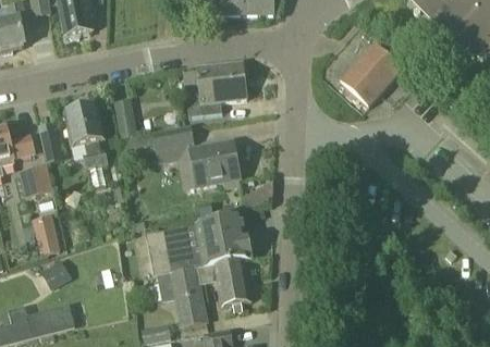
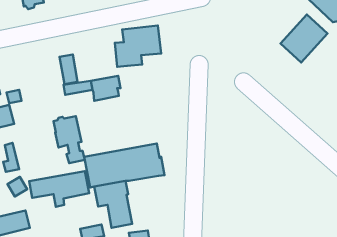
building: [340,44,402,107] -> [280,14,328,62]
building: [65,106,107,168] -> [53,116,85,163]
building: [189,139,240,186] -> none
building: none -> [29,171,89,207]
building: [199,259,250,312] -> none

